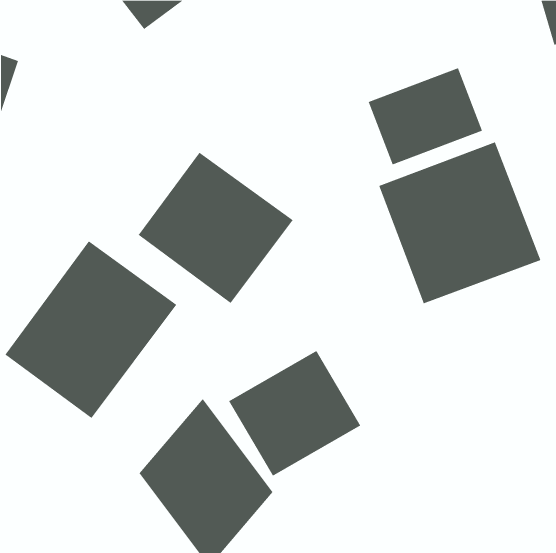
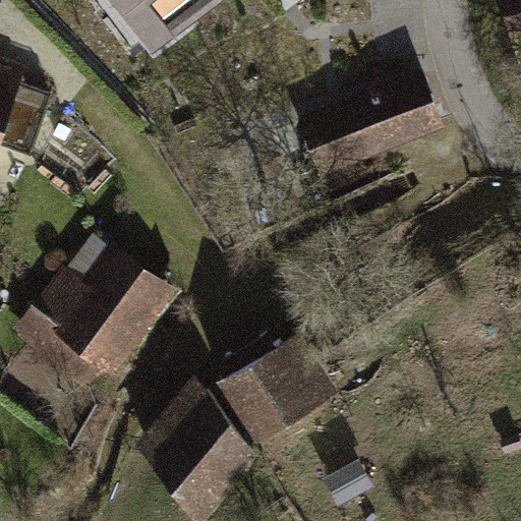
building: [379,142,541,304] -> none
building: [138,152,293,304] -> none

